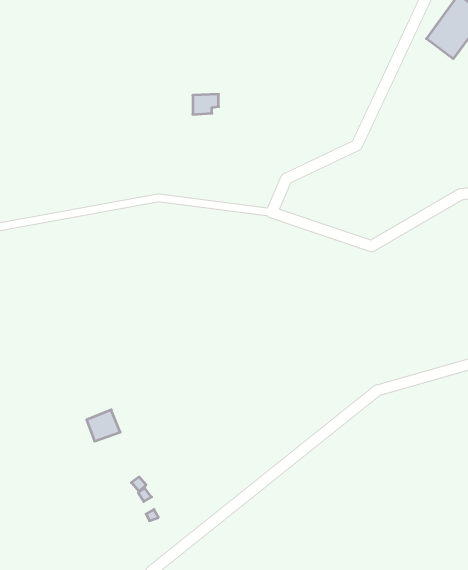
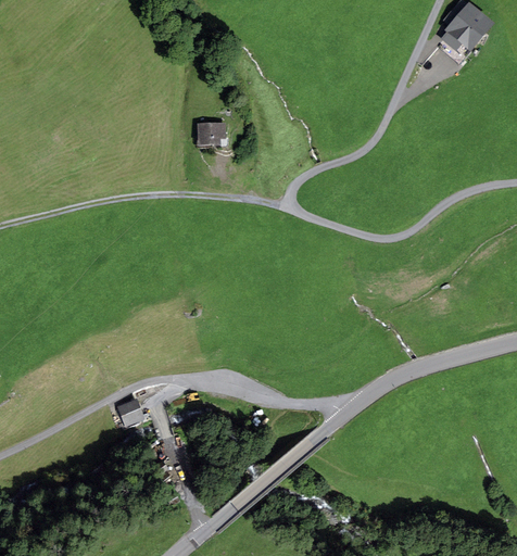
building: [193,94,219,114] -> [200,125,225,144]

